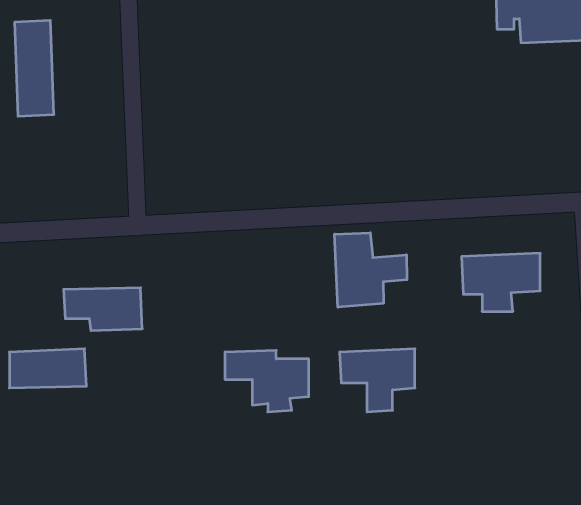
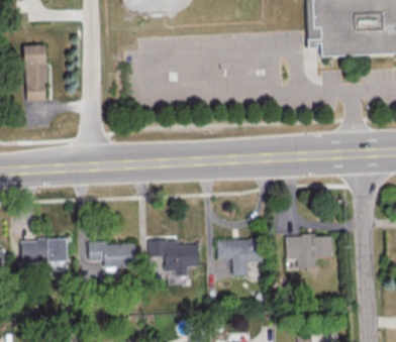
building: [335,233,407,307] -> none
building: [462,253,540,311] -> [285,234,331,268]
building: [64,288,142,331] -> [88,242,134,267]

